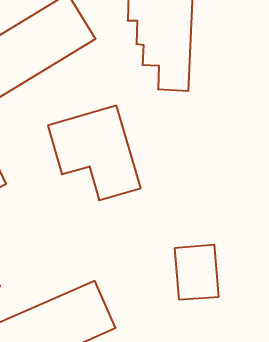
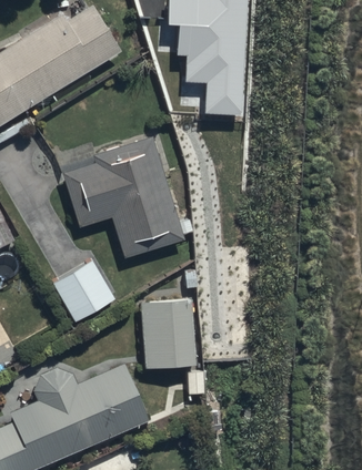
building: none -> [48,256,112,320]
building: [175,245,219,299] -> [135,295,192,365]

